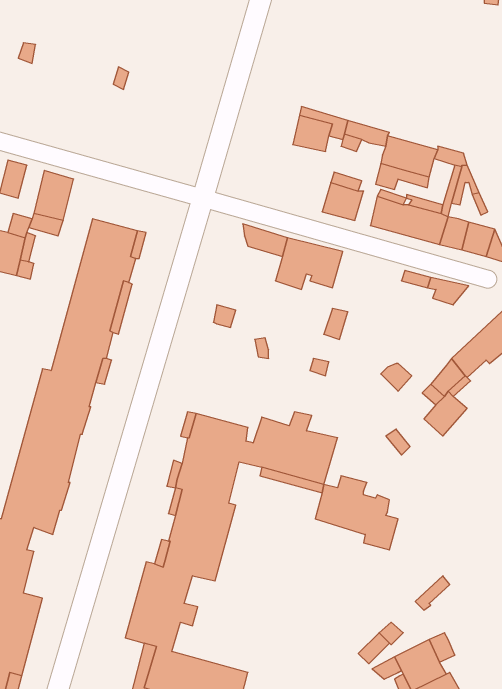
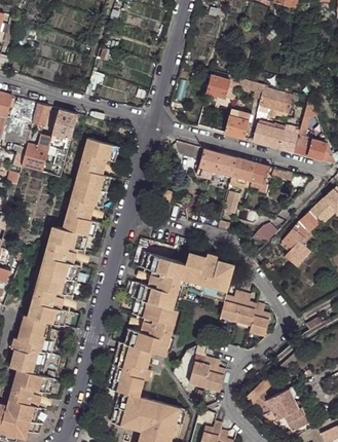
building: none -> [229,156,269,191]
building: none -> [188,356,224,391]

